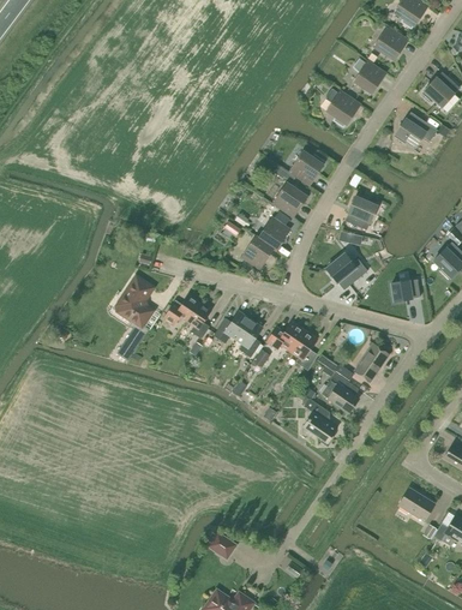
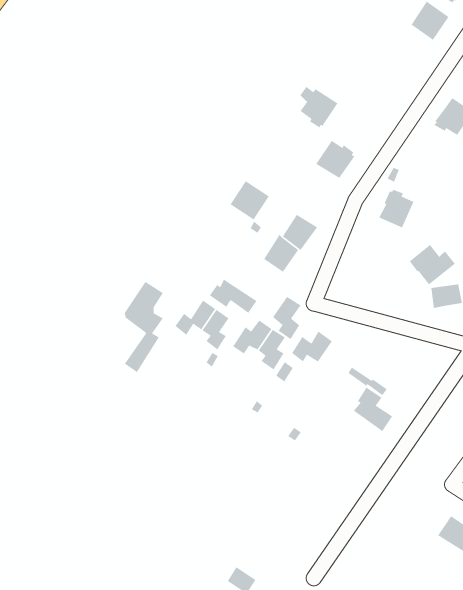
building: [353,58,386,94] -> none
building: [325,88,360,126] -> [300,86,338,129]
building: [271,181,307,217] -> [230,180,270,220]
building: [325,252,367,289] -> [409,244,456,285]
building: none -> [209,278,258,314]
building: [290,330,317,370] -> [272,296,302,340]
building: [354,343,389,381] -> none
building: [302,397,337,442] -> none

